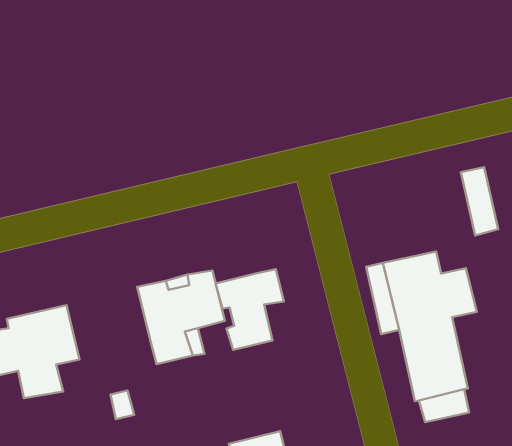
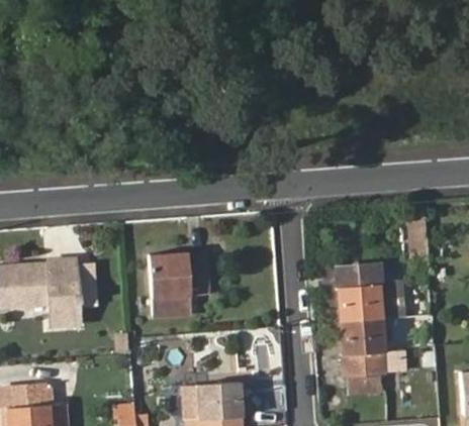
building: [216,269,284,350] -> none

